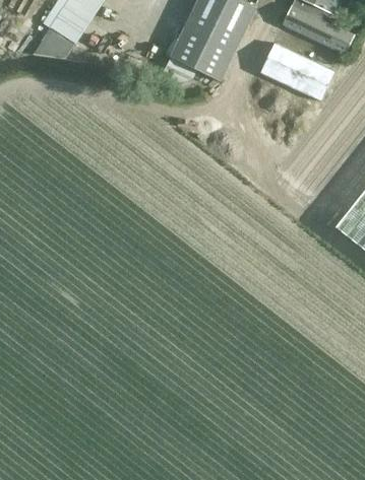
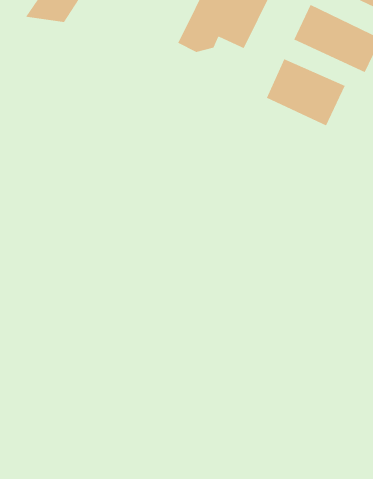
building: none -> [266,58,346,126]

